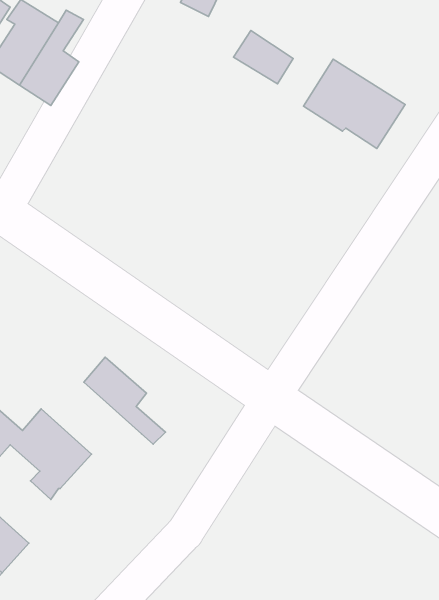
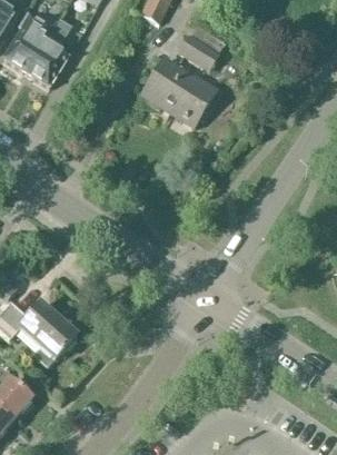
building: [303,59,405,148] -> [143,59,216,122]
building: [84,357,166,444] -> none

